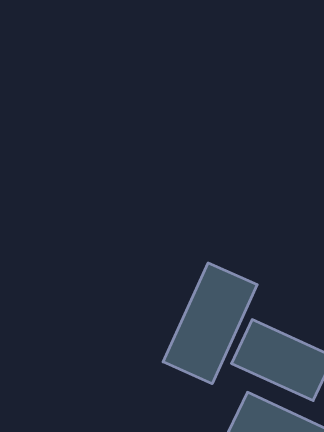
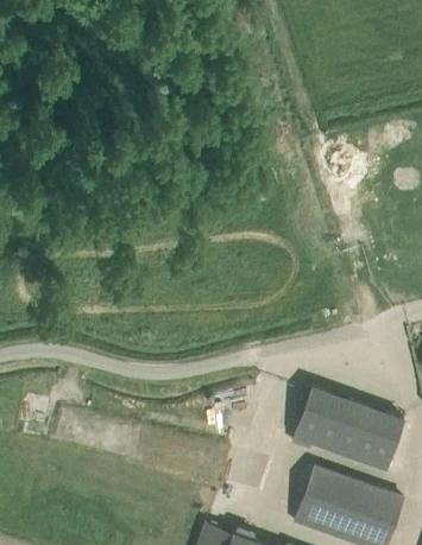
building: [163,263,257,384] -> none

